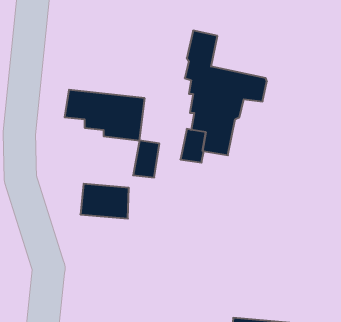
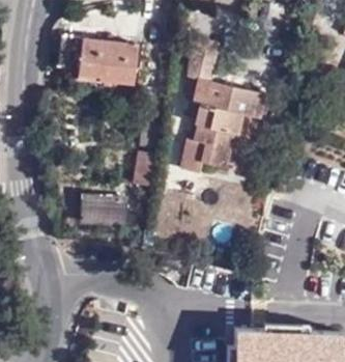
building: [65,90,145,140] -> [62,34,141,84]

